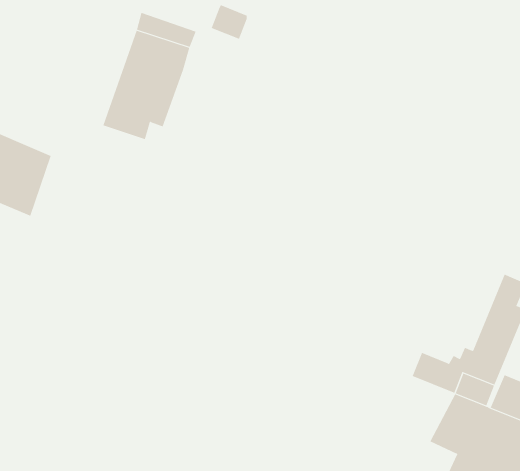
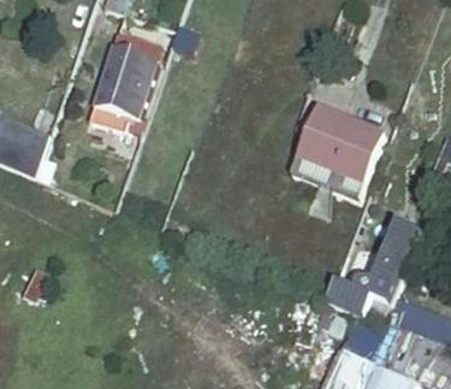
building: none -> [290,112,382,202]

